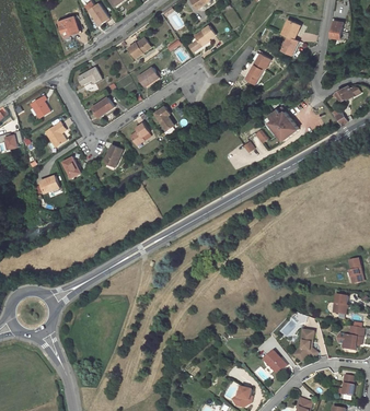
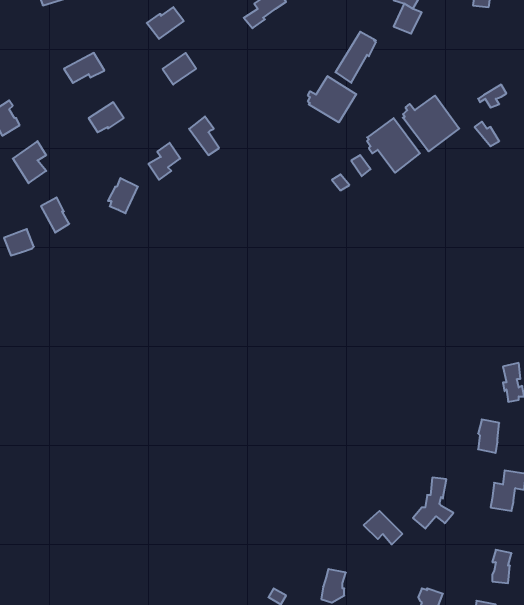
building: none -> [308,76,356,122]
building: none -> [403,96,459,151]

